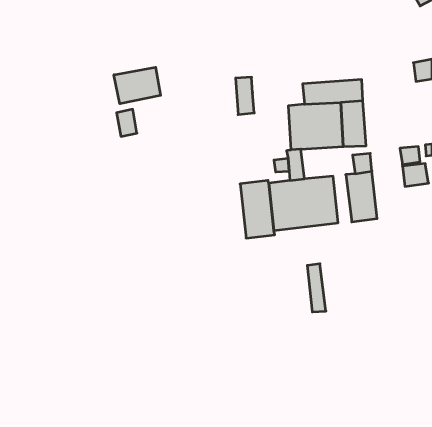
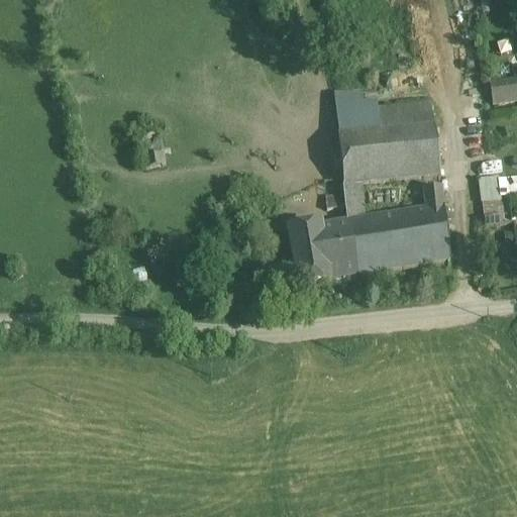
building: [114,67,161,104] -> none
building: [236,77,254,115] -> [341,82,364,126]
building: [307,264,326,312] -> [398,208,420,266]

